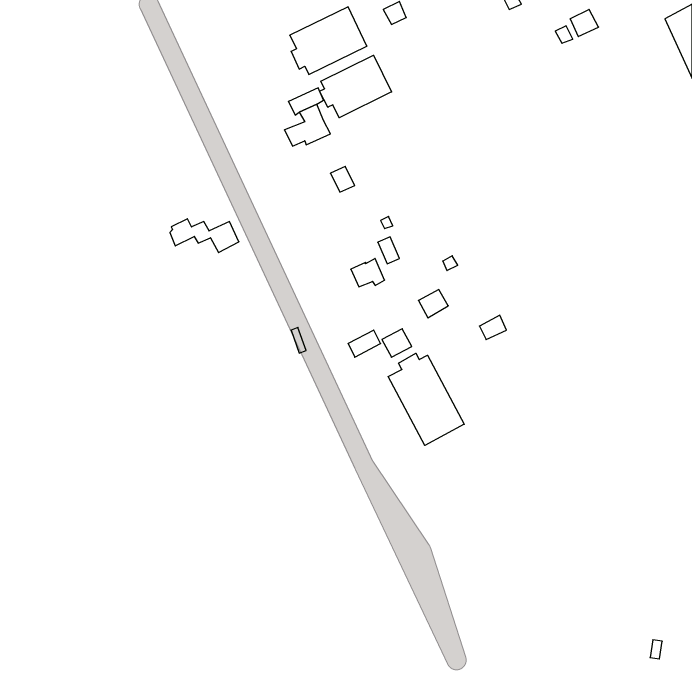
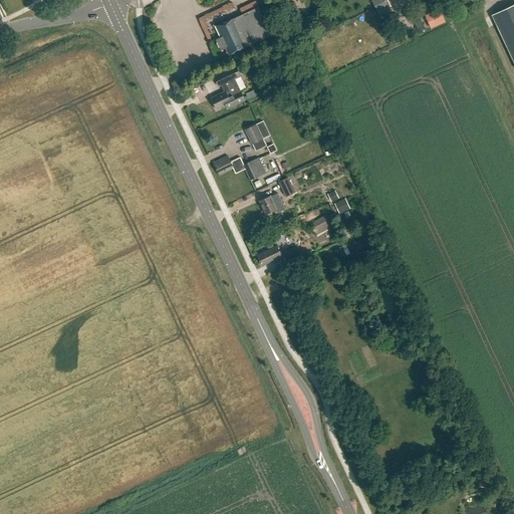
building: [320,55,392,118] -> none
building: [170,219,239,253] -> [215,155,266,180]
building: [388,353,464,445] -> none

